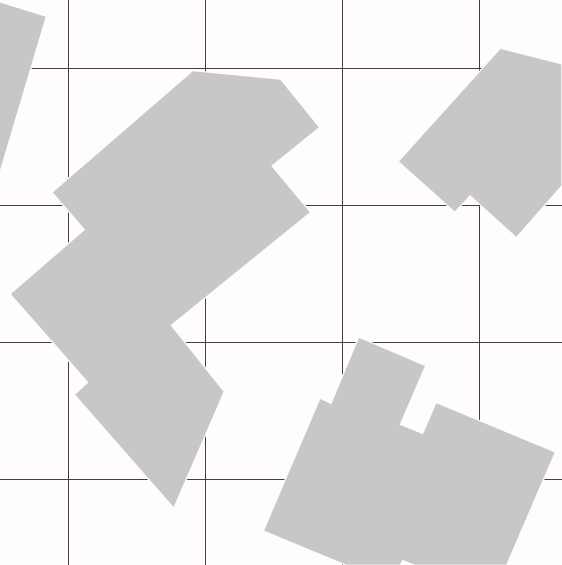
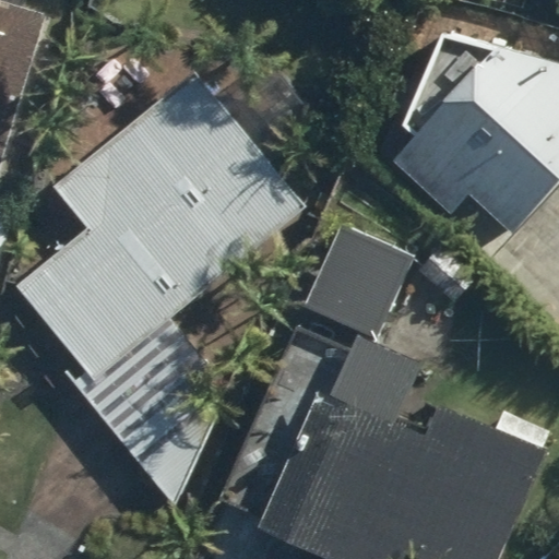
building: none -> [301,224,408,337]

